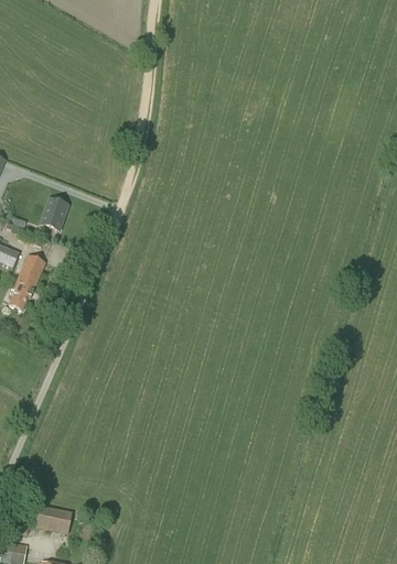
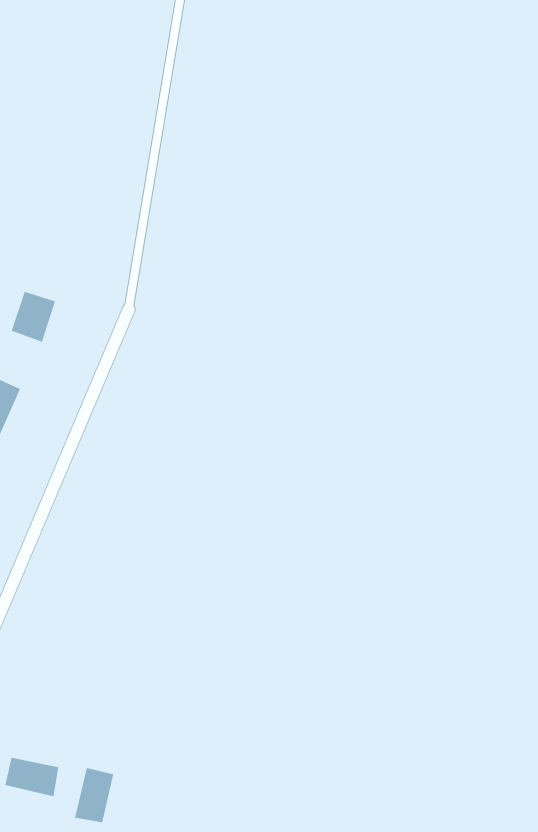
building: none -> [75,767,114,823]

